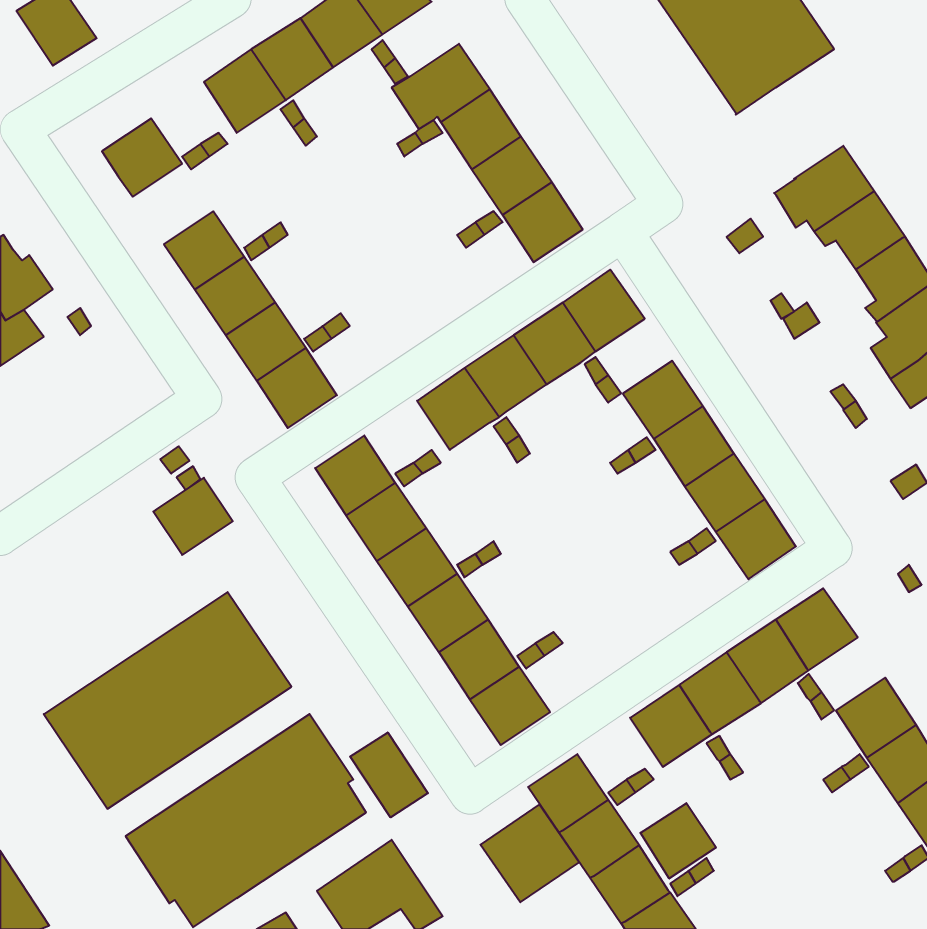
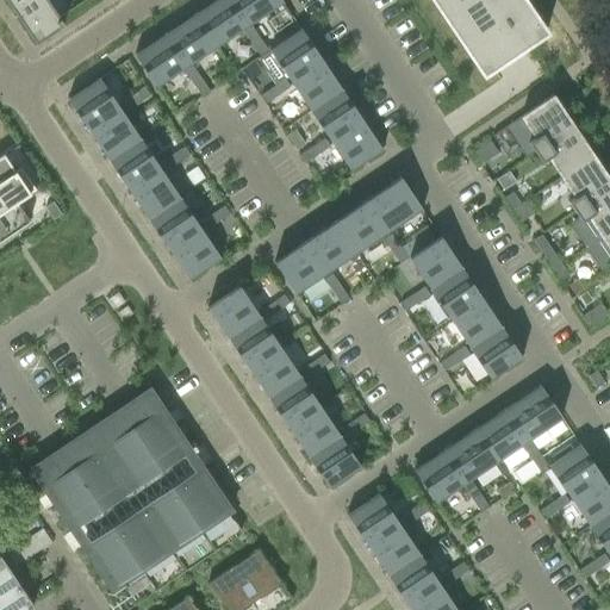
building: none -> [89,107,142,160]
building: [153,478,233,555] -> none
building: [350,732,428,817] -> none
building: [640,803,716,879] -> none
building: [480,805,579,902] -> none

